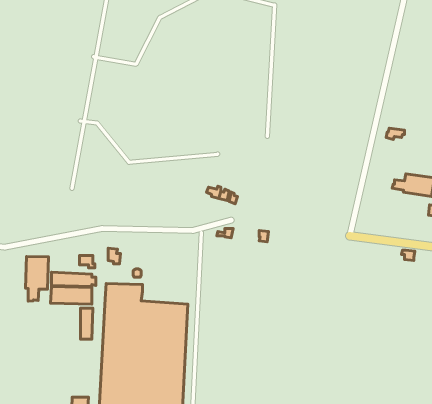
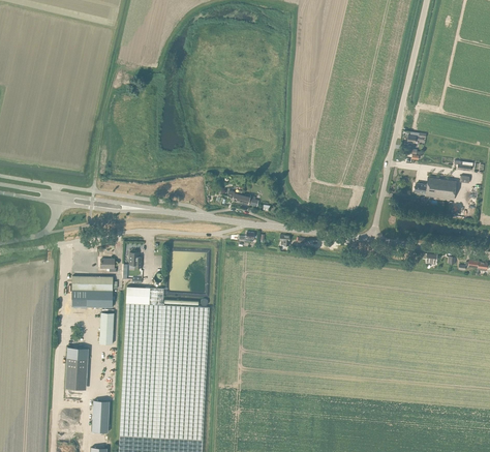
building: [26,257,49,301] -> none
building: none -> [65,348,88,391]

